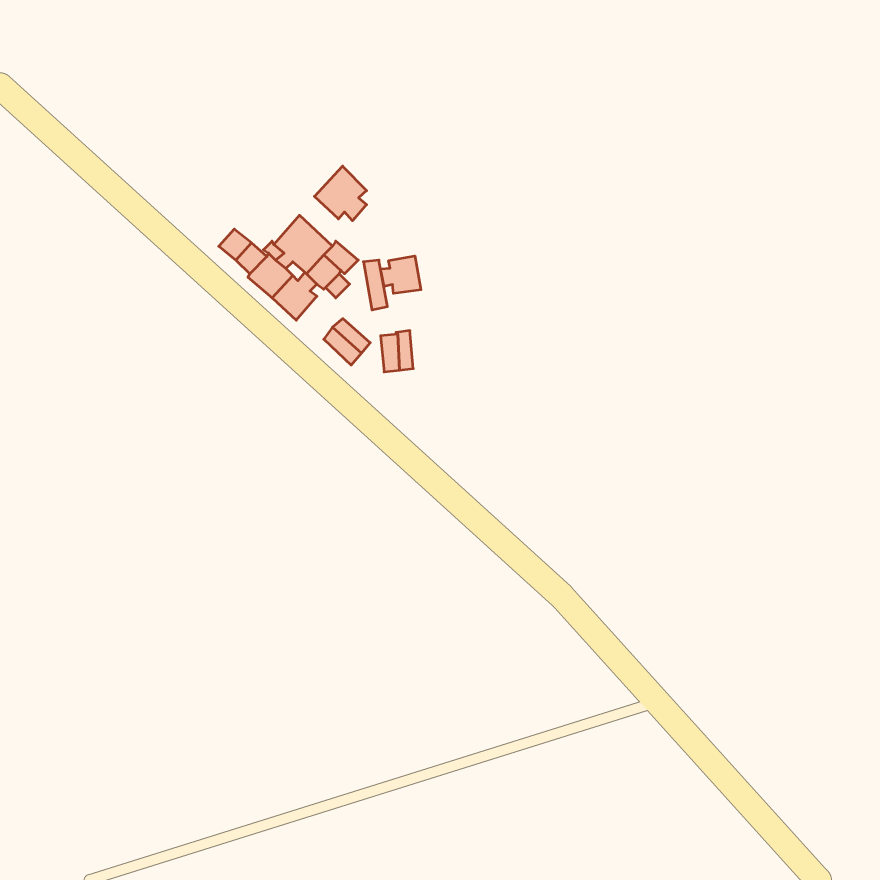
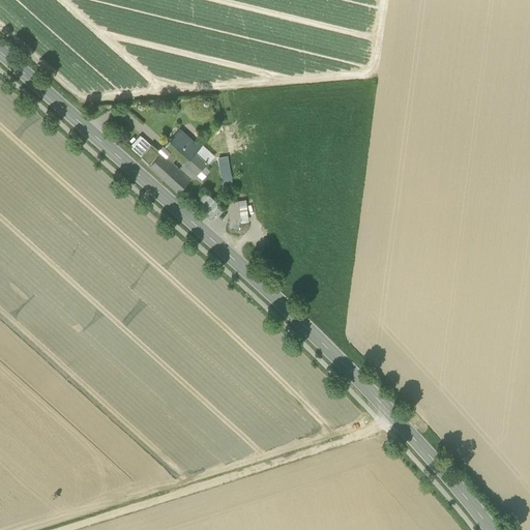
building: [314,166,367,221] -> none
building: [381,256,421,293] -> none

